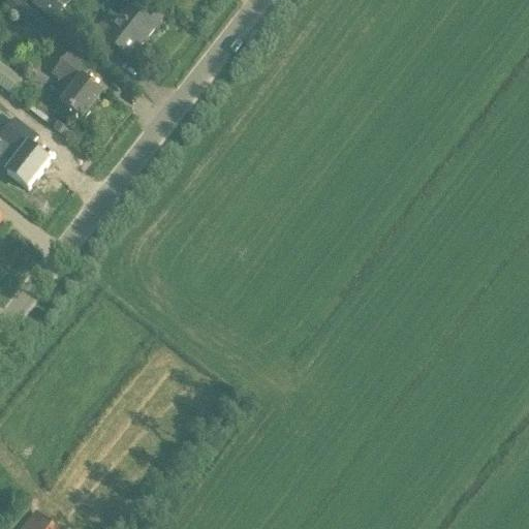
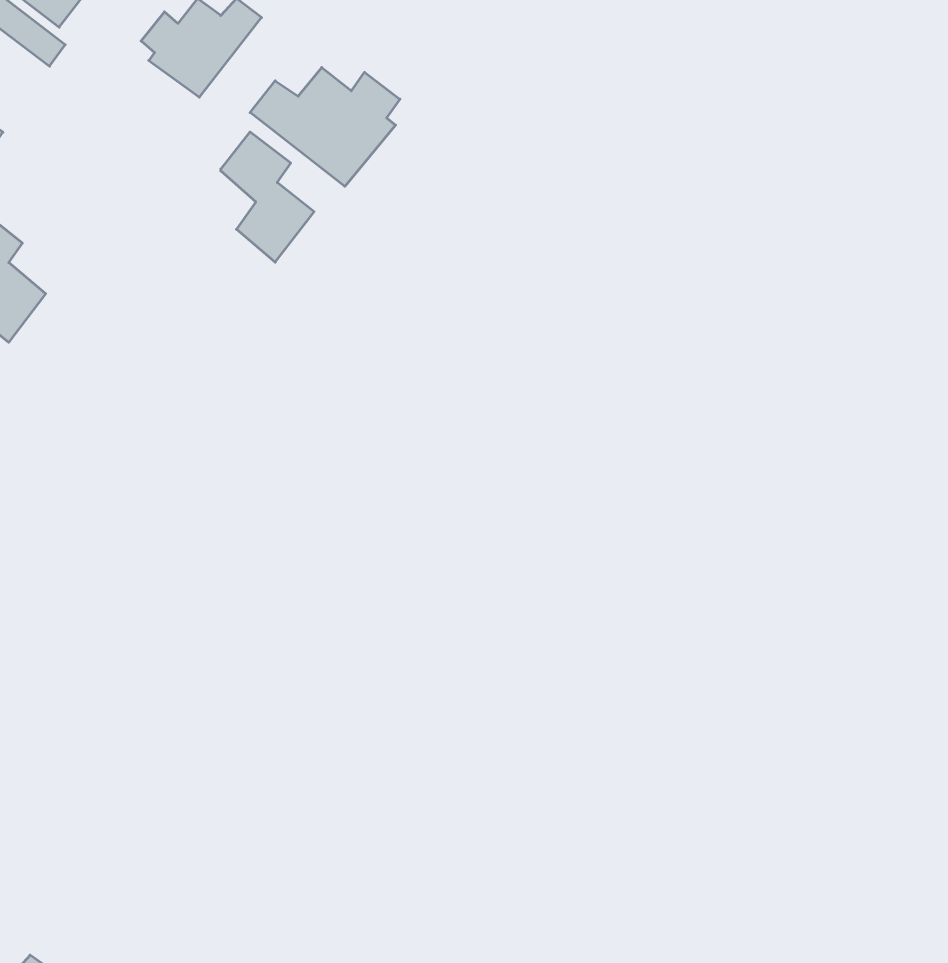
building: none -> [250,67,400,186]
building: [51,48,100,117] -> [221,132,314,262]

